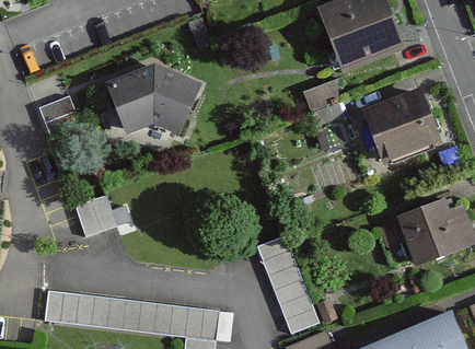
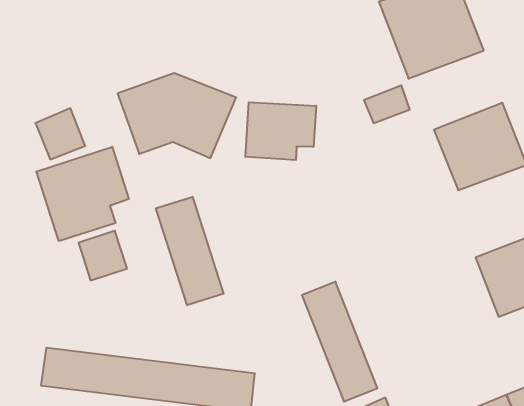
building: none -> [246,102,316,160]
building: none -> [36,147,129,241]
building: none -> [156,197,224,305]

